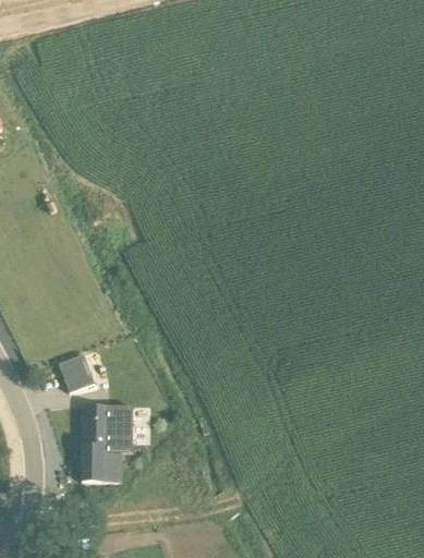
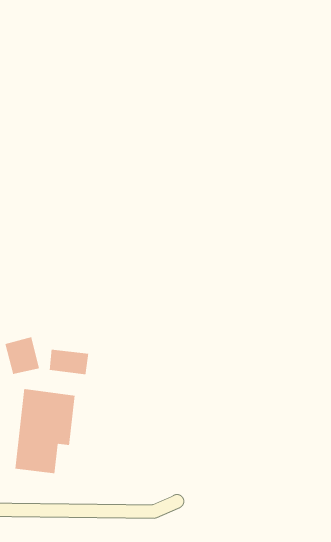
building: none -> [49,349,89,375]

